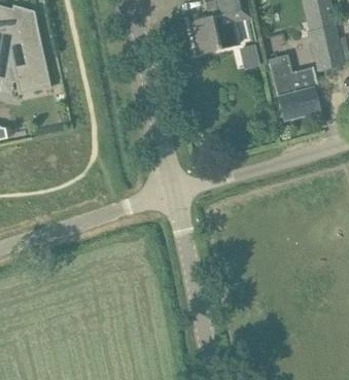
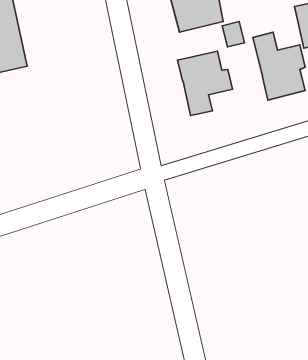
building: none -> [177,51,232,116]

